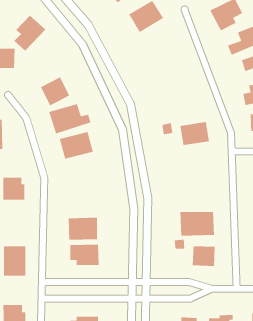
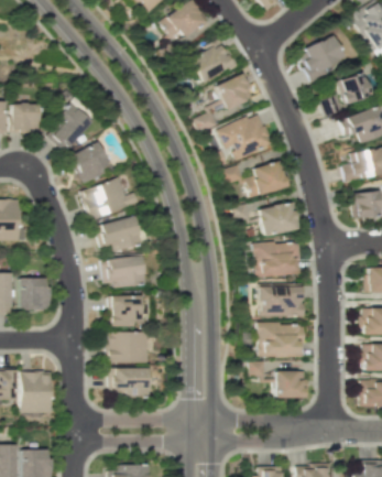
building: [14,15,46,51] -> [48,102,92,152]
building: none -> [216,73,254,110]
building: none -> [218,115,274,160]
building: none -> [248,161,287,196]
building: none -> [254,242,302,278]
building: none -> [101,254,146,289]
building: none -> [260,285,305,317]
building: none -> [111,295,143,327]

